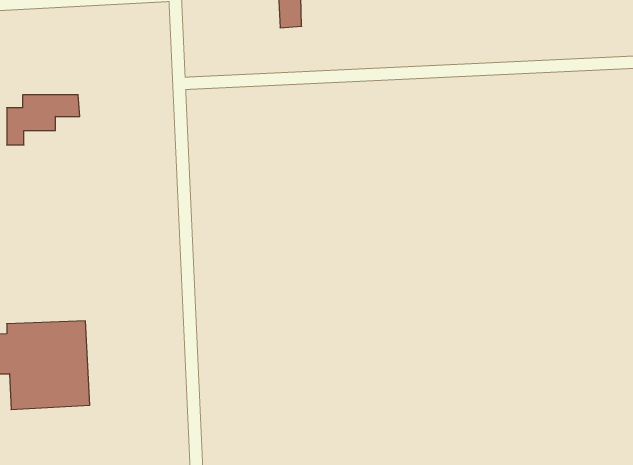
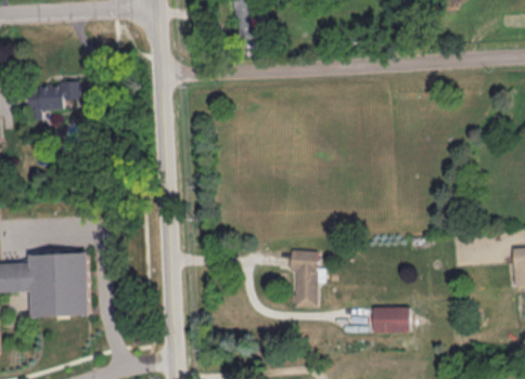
building: none -> [289,249,317,306]
building: none -> [372,306,409,332]

